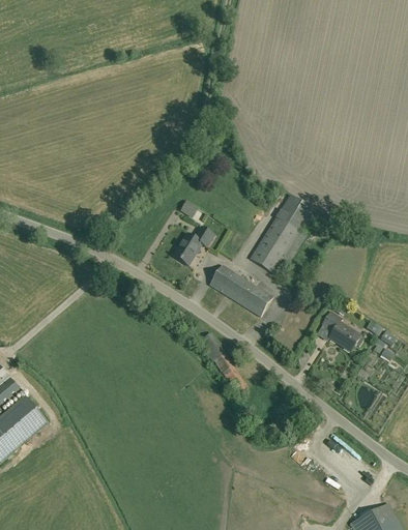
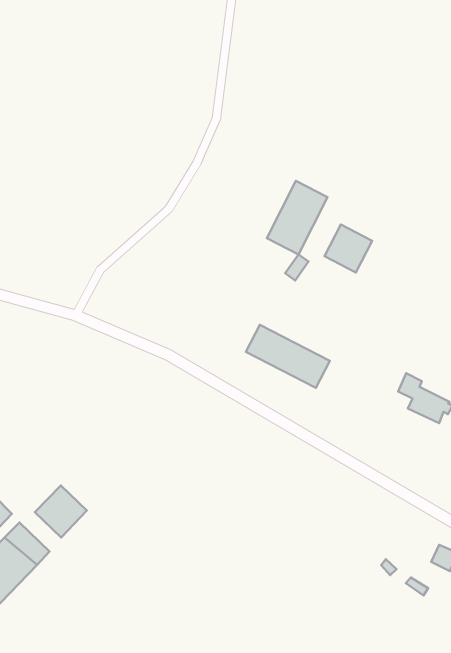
building: [250,216,298,272] -> [267,181,327,254]
building: [173,226,213,264] -> none
building: none -> [35,485,87,537]

